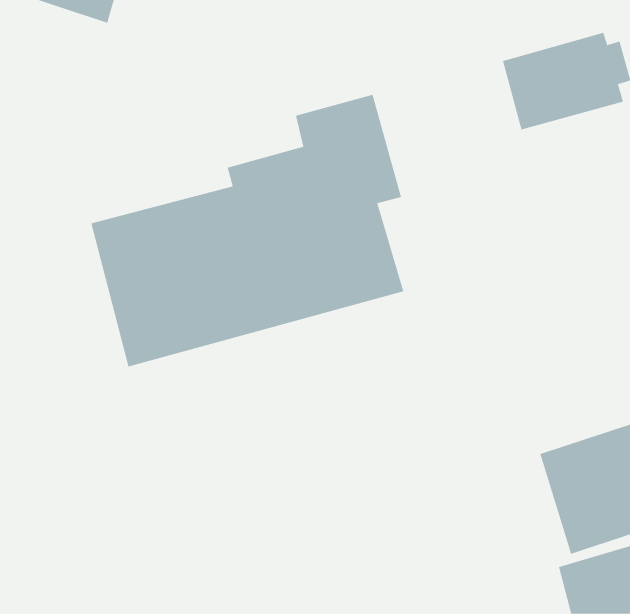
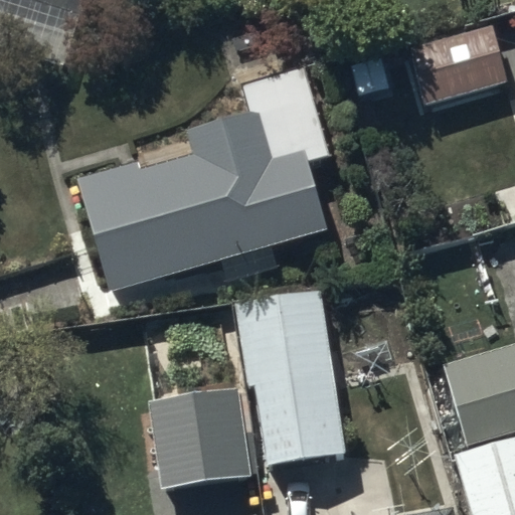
building: none -> [233,290,344,469]
building: none -> [151,389,253,490]

